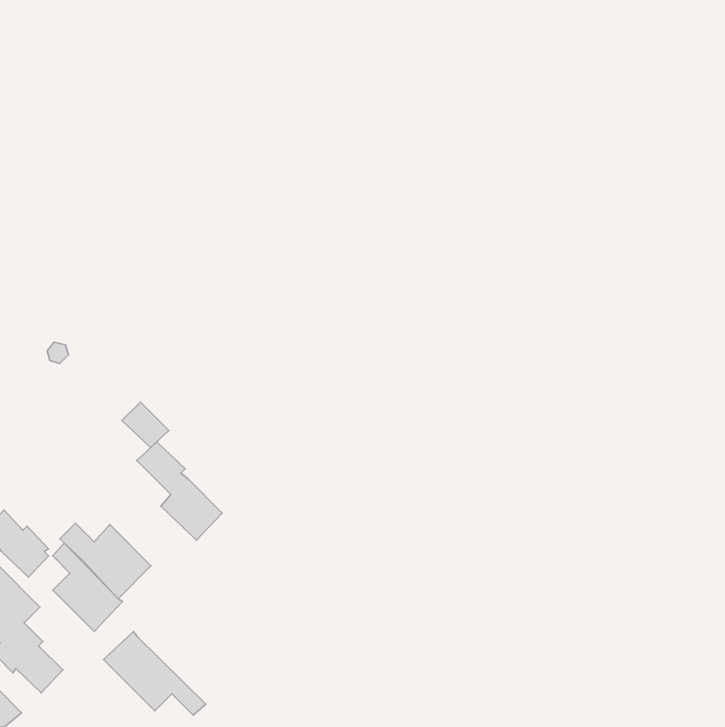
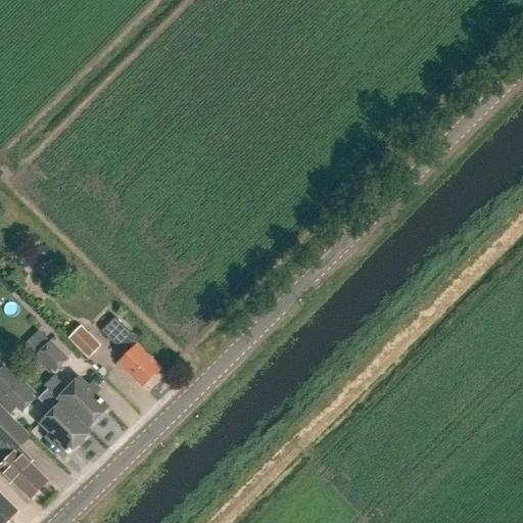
building: [122,402,169,448] -> [66,325,100,358]
building: none -> [32,340,67,373]
building: [104,632,206,715] -> none

